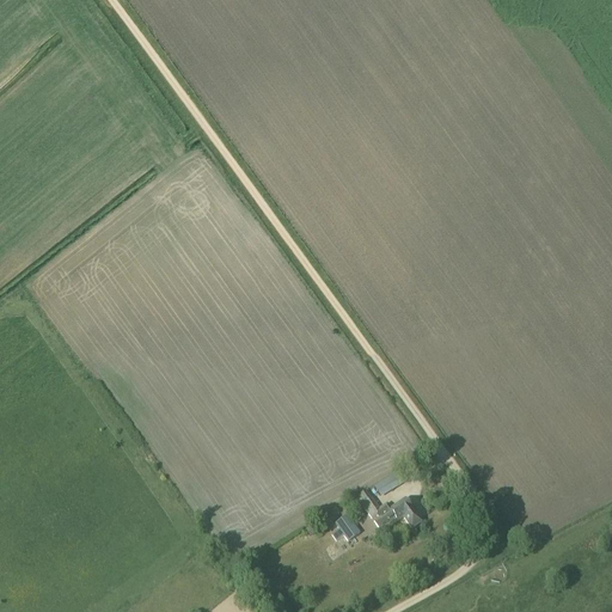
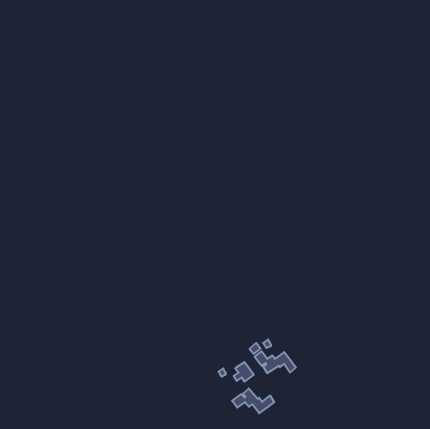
building: none -> [232,388,274,413]

